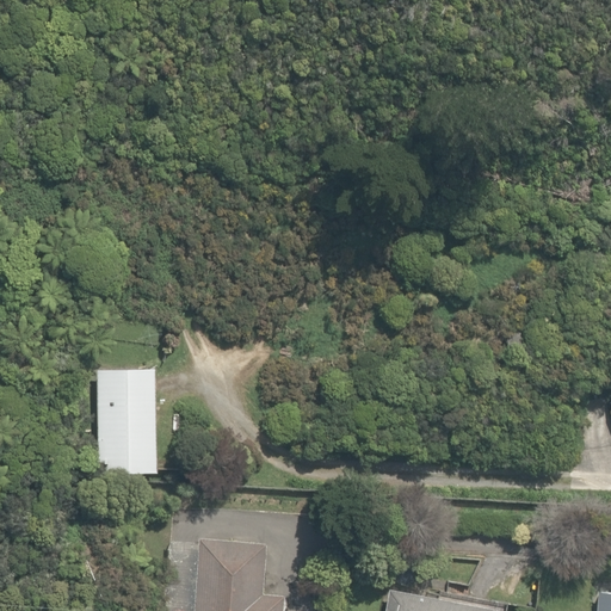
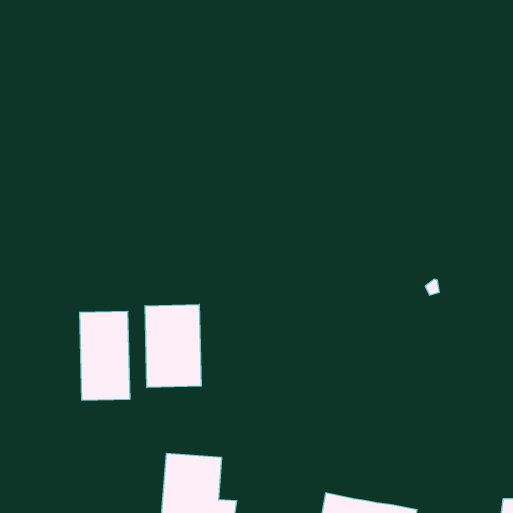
building: none -> [145,304,201,388]

